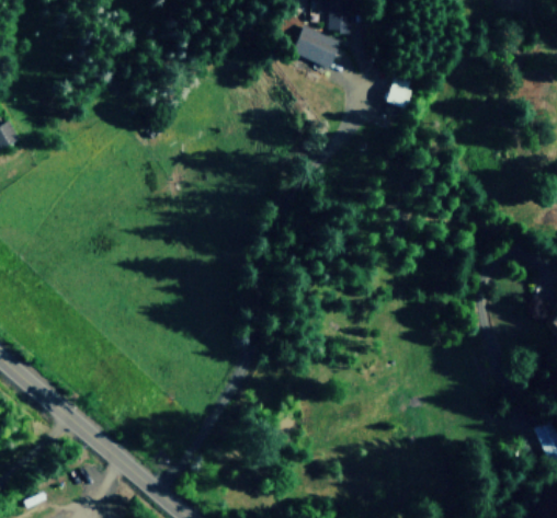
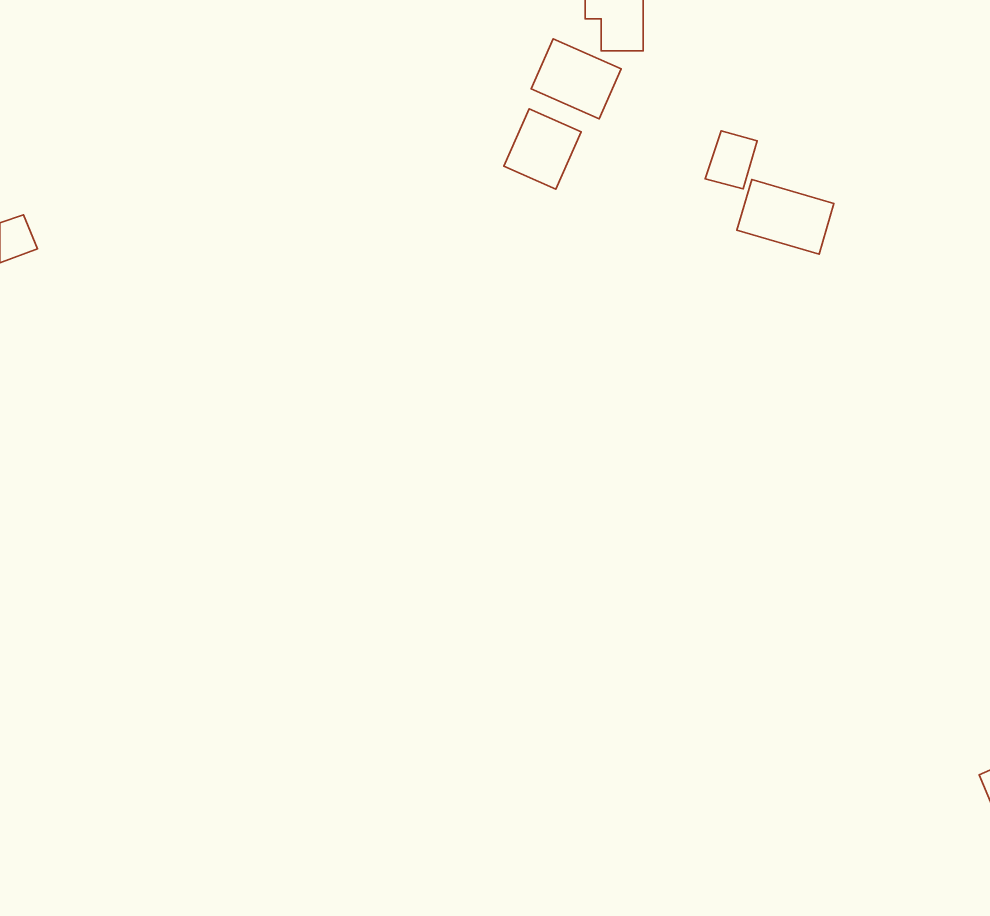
building: none -> [504,109,581,189]
building: none -> [737,180,834,254]

